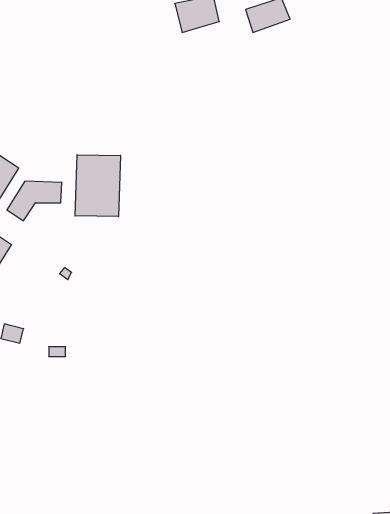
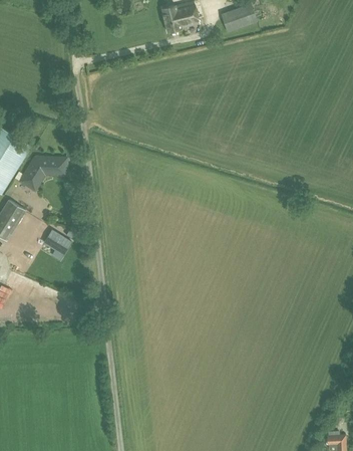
building: [75,155,120,217] -> none
building: none -> [42,229,70,255]

